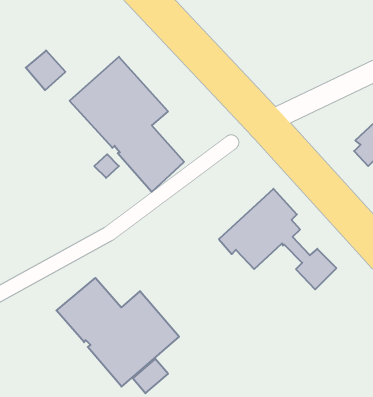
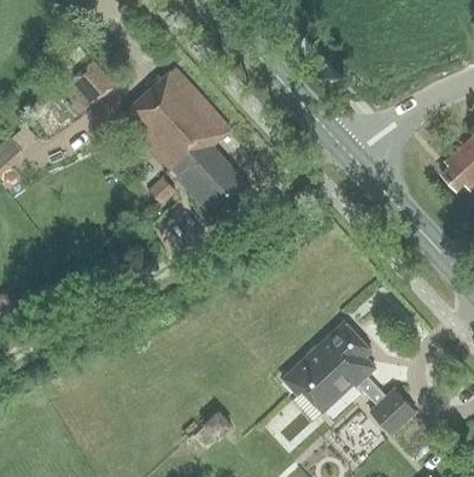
building: [219,189,336,289] -> [282,322,415,435]
building: [56,278,179,387] -> none

